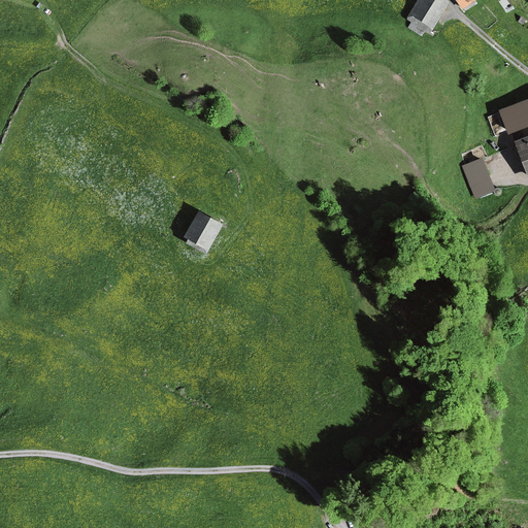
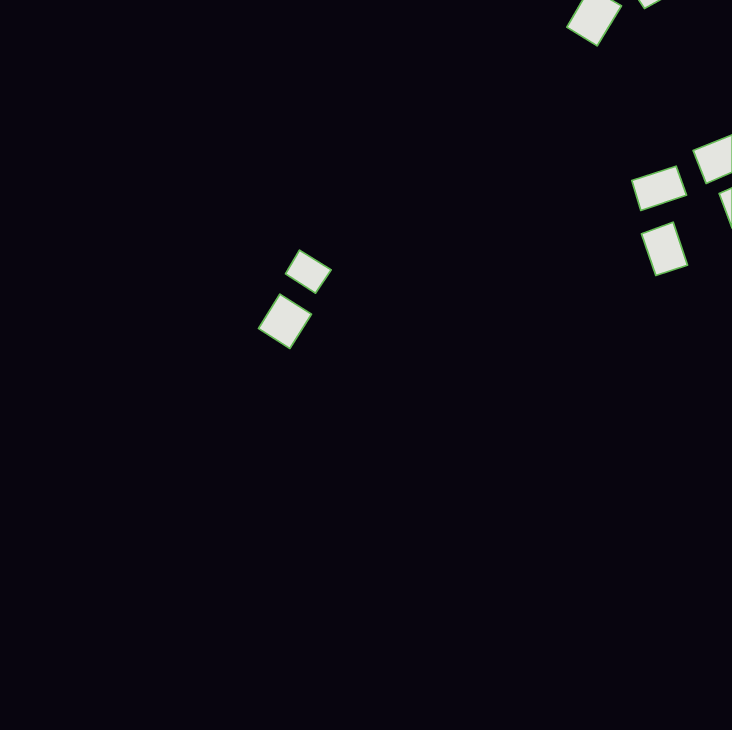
building: none -> [632,166,687,211]
building: none -> [285,250,331,293]

